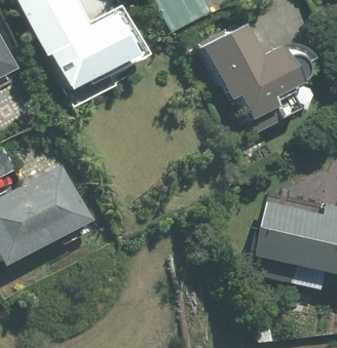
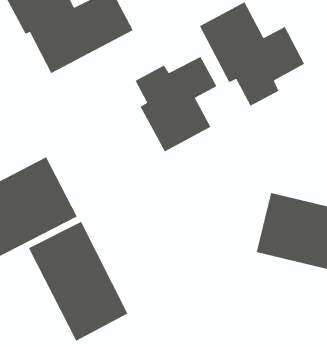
building: none -> [134,56,217,153]
building: none -> [28,221,129,342]

